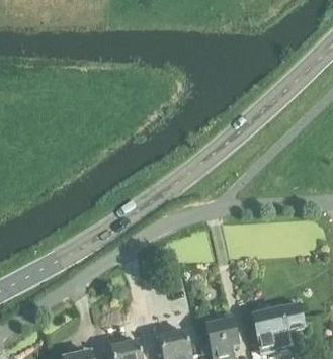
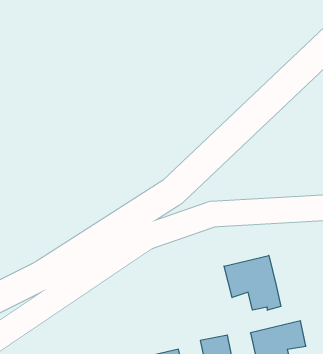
building: none -> [224,255,281,310]

